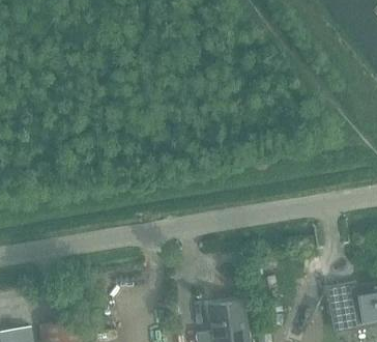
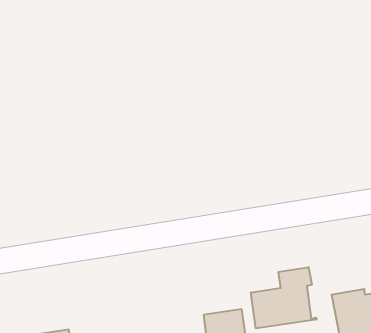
building: none -> [251,267,317,328]

